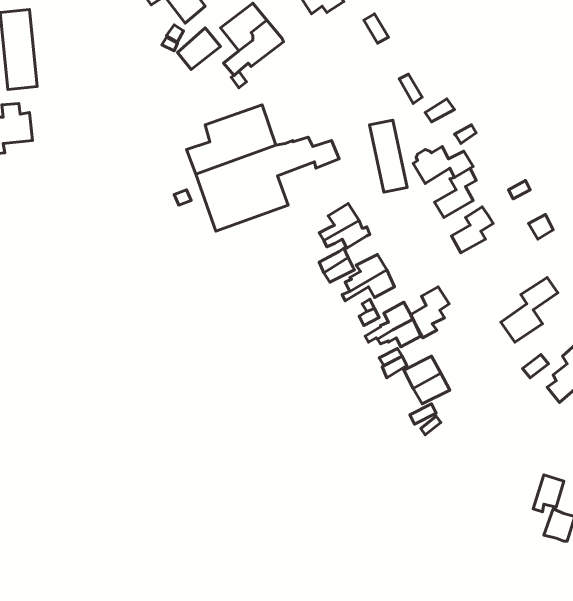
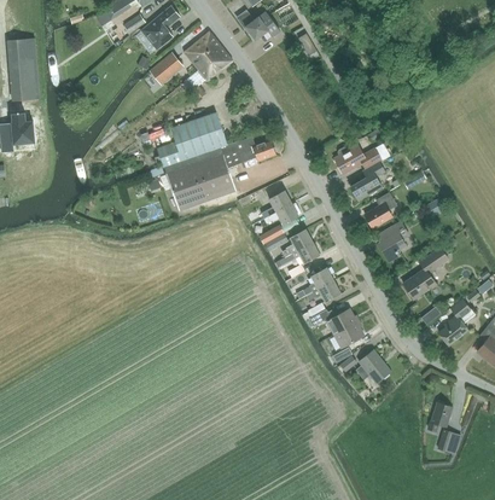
building: [370,120,407,192] -> none
building: [411,287,449,338] -> [379,220,409,260]
building: none -> [355,348,391,382]

